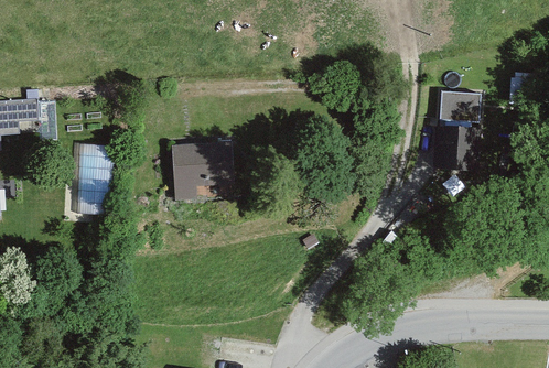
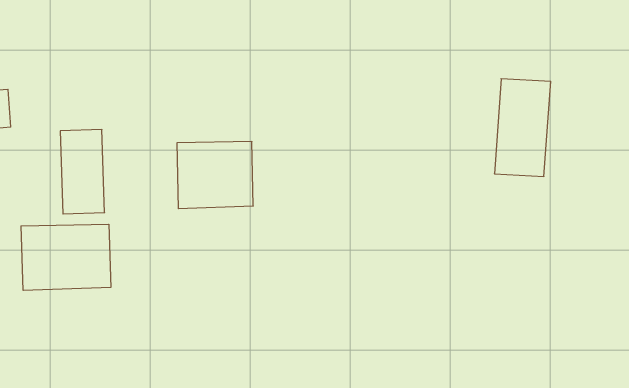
building: none -> [21,224,111,290]

